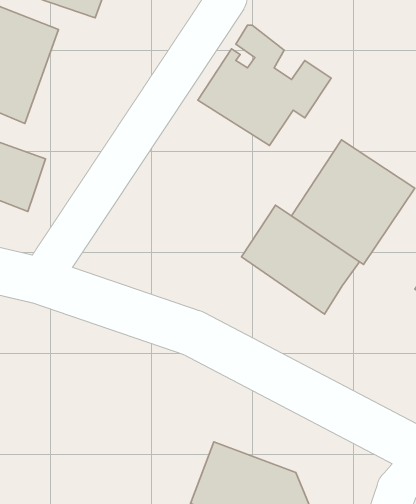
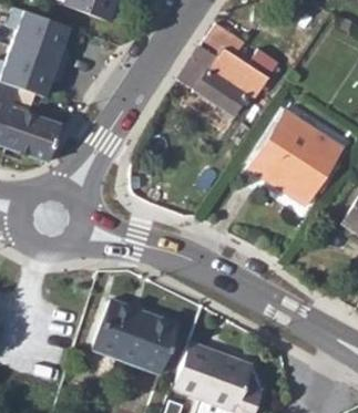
building: [242,205,359,314] -> none
building: none -> [90,295,178,368]

